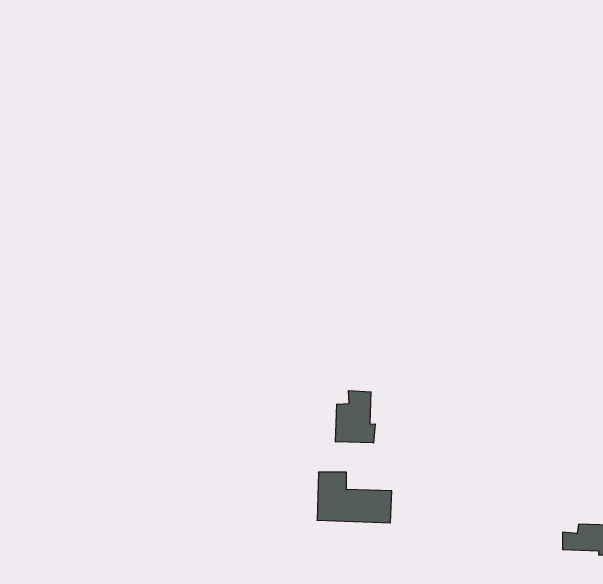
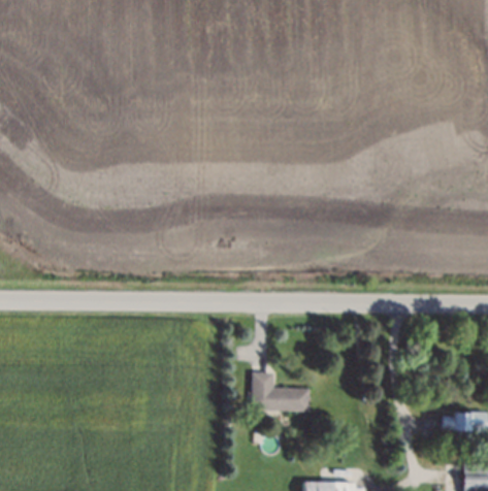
building: [336,391,375,443] -> none

